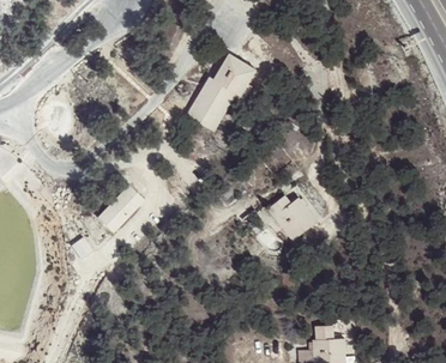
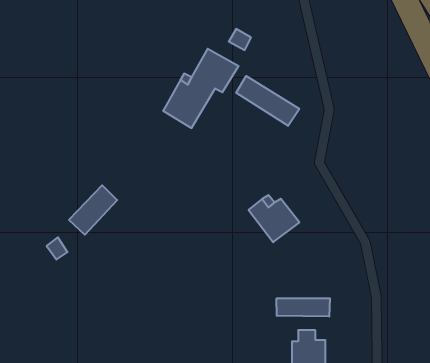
building: none -> [236,76,299,126]
building: none -> [277,298,330,317]

